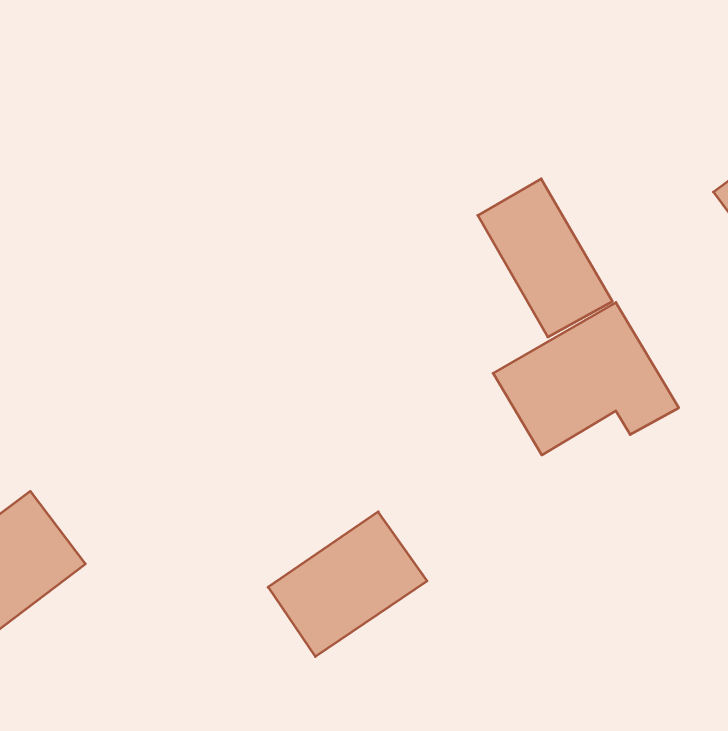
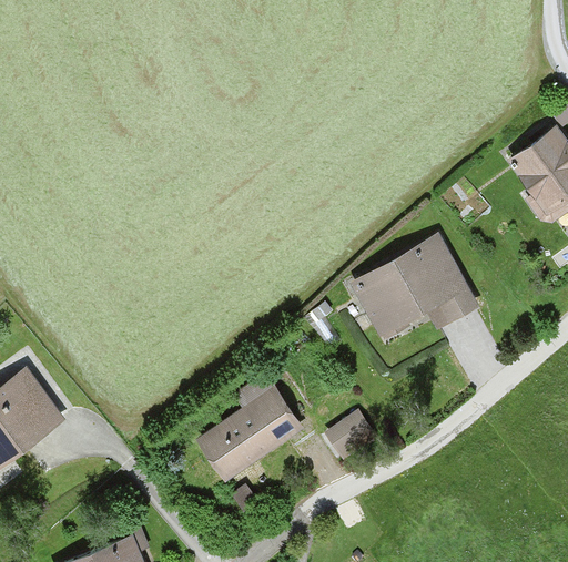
building: [478,179,612,337] -> none
building: none -> [320,409,371,453]

